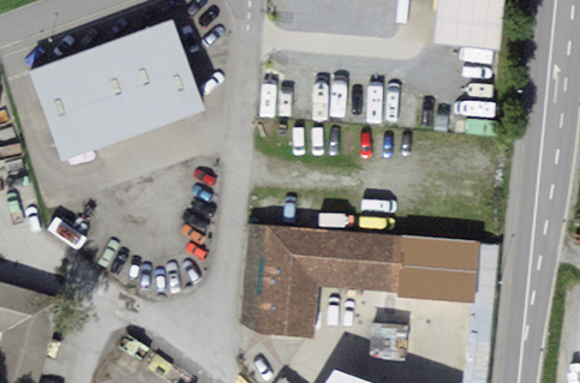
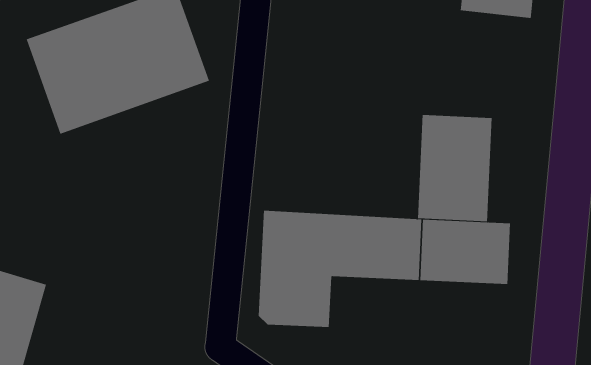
building: none -> [418,114,492,222]

